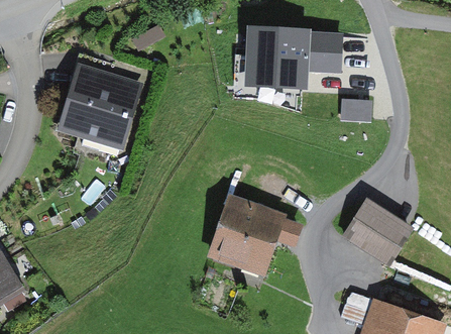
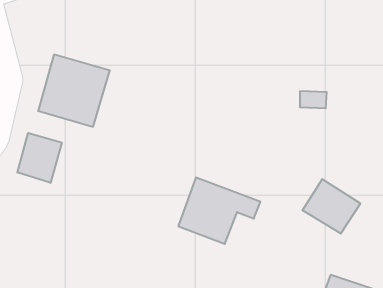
building: [245,31,344,93] -> none
building: none -> [17,133,62,183]

